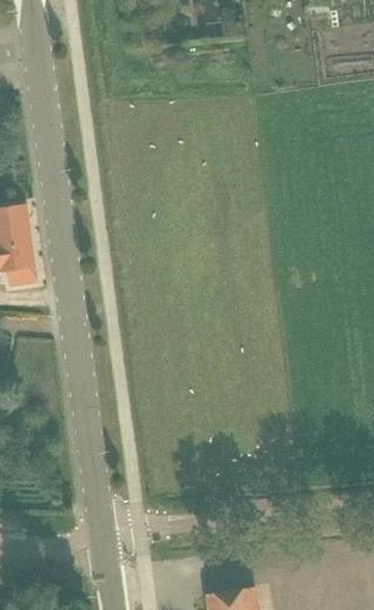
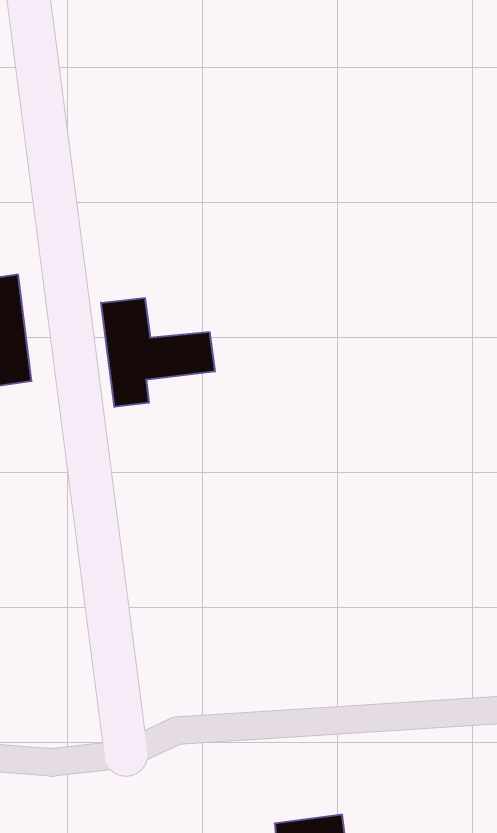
building: none -> [101,298,215,407]

